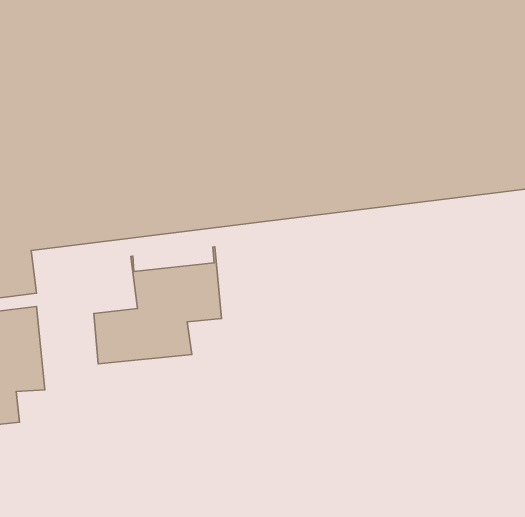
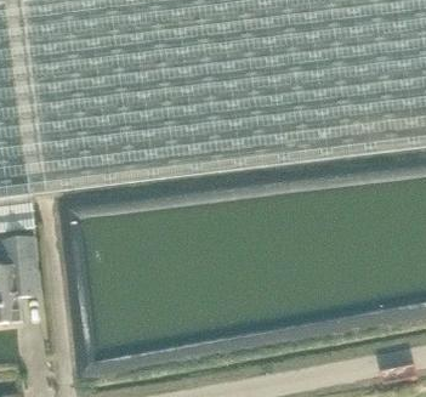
building: [94,247,222,364] -> none

